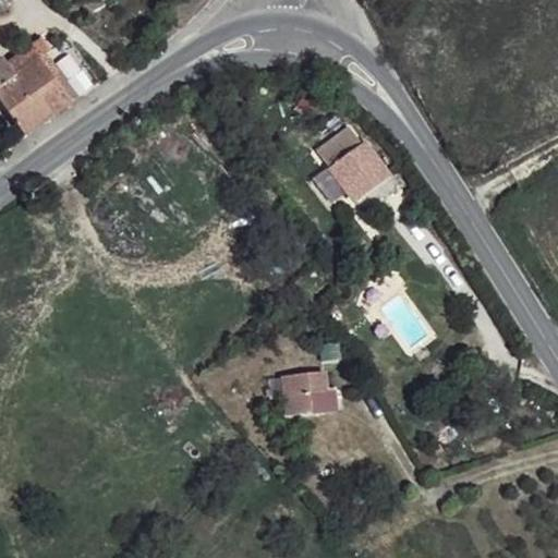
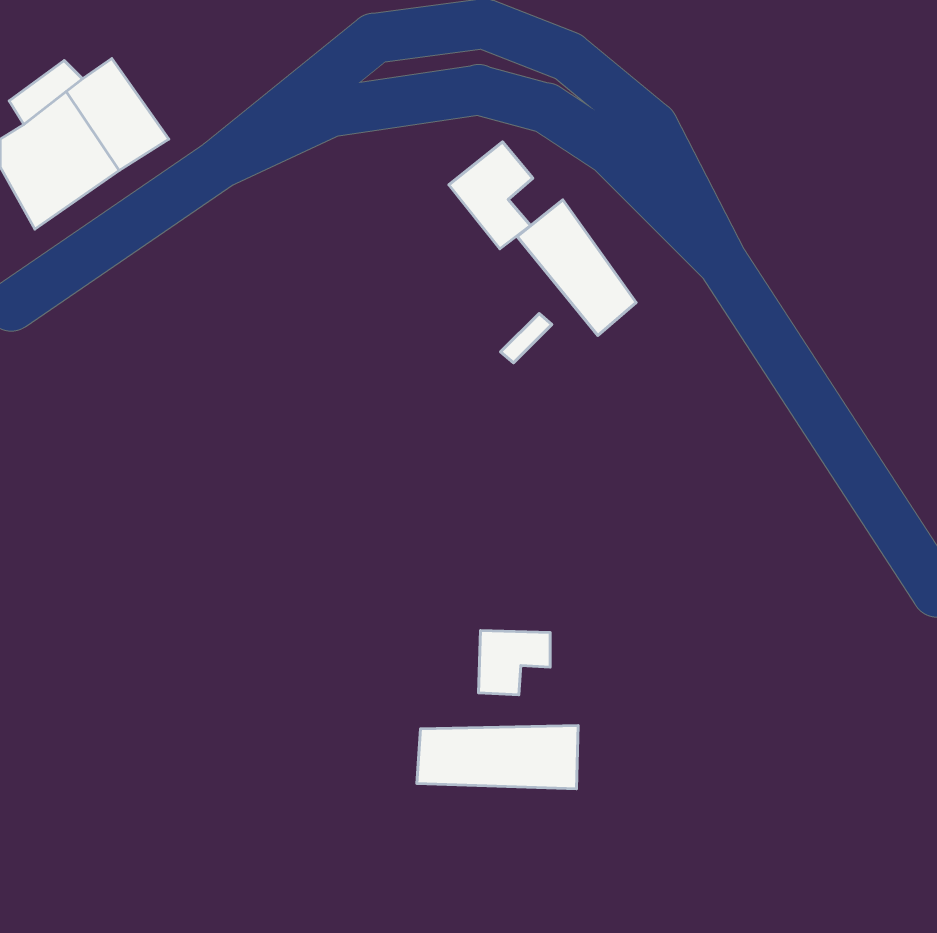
building: none -> [449,142,533,249]
building: none -> [417,726,578,789]

